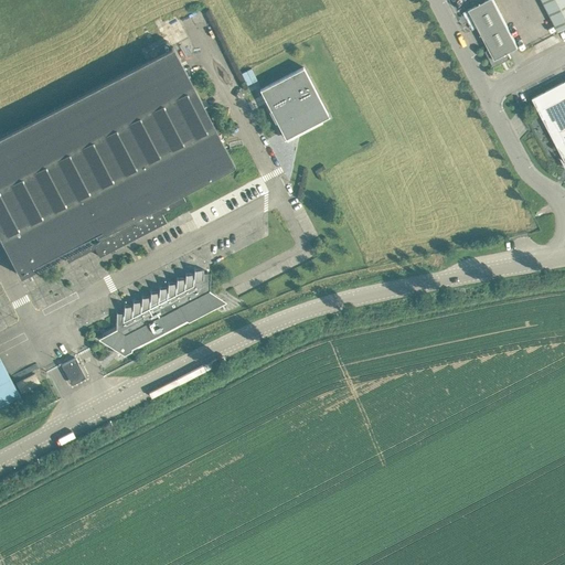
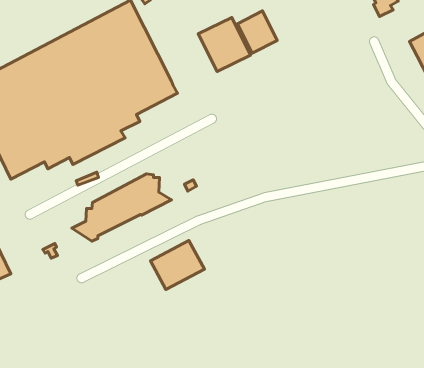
building: none -> [238,11,277,53]
building: none -> [150,240,204,289]

